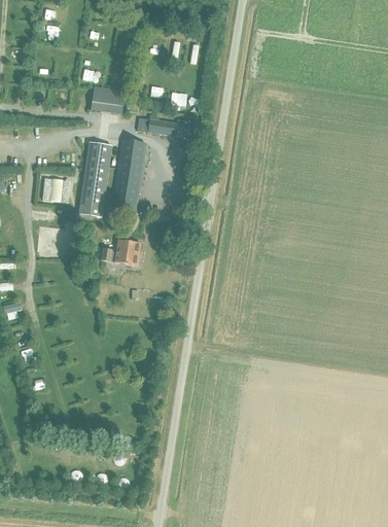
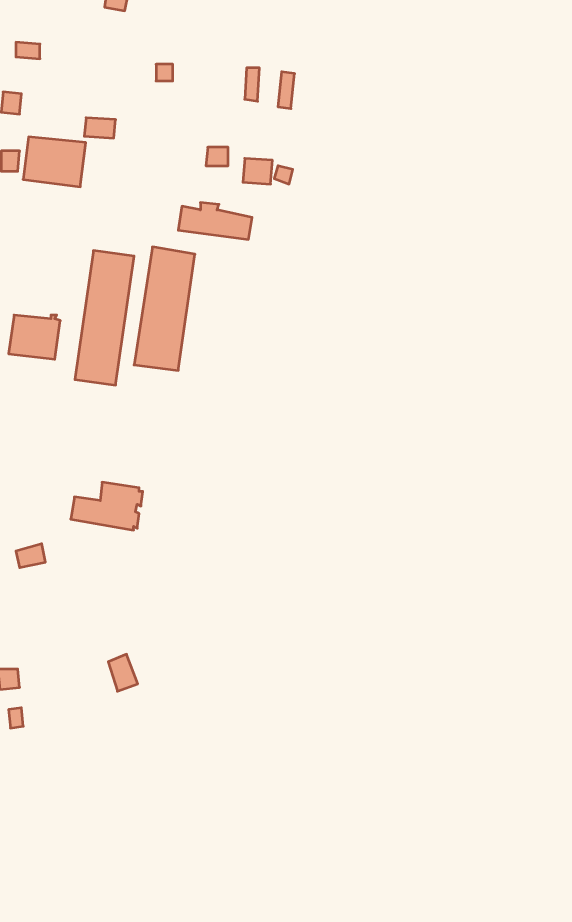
building: [91,86,126,114] -> [23,137,86,187]
building: [101,239,141,266] -> [71,482,143,530]

